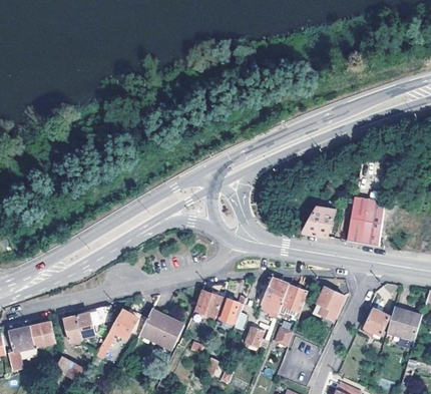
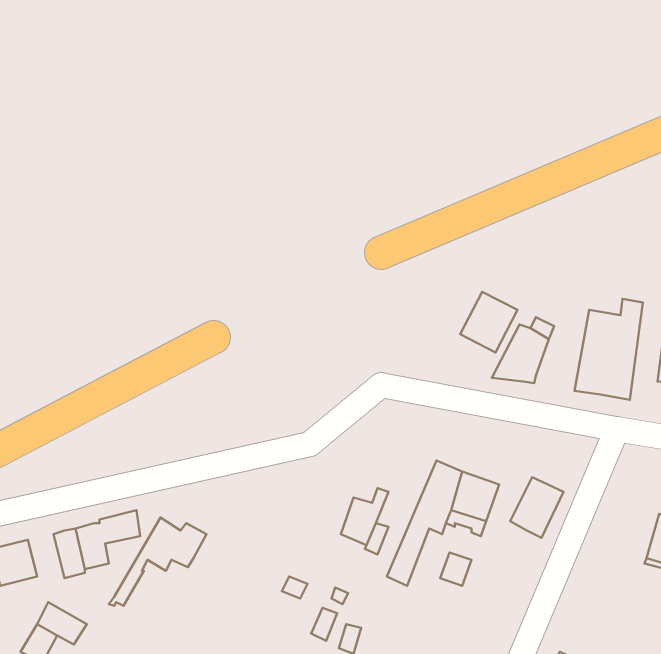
building: none -> [460,292,517,352]
building: [194,290,222,317] -> none
building: [140,308,182,348] -> none
building: [363,310,388,339] -> none

